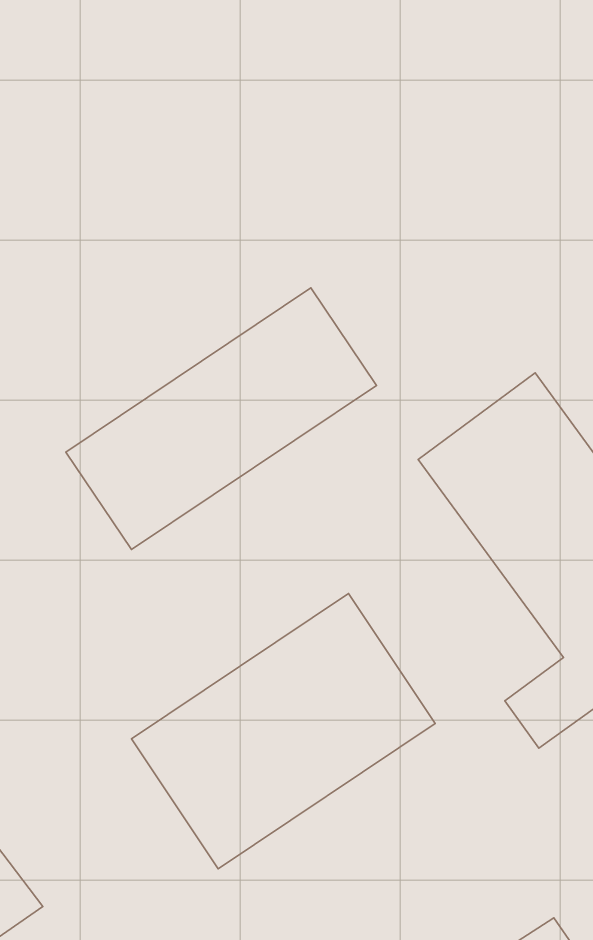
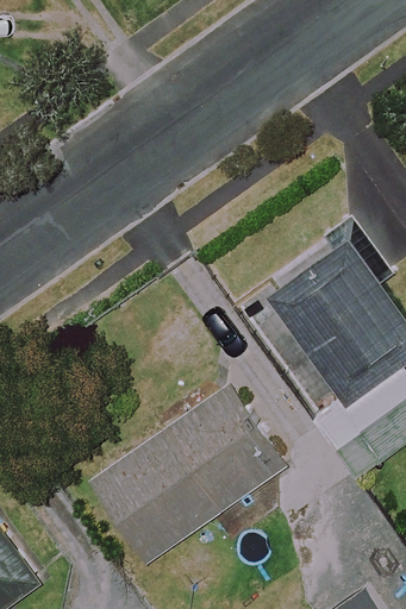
building: [66,288,377,550] -> none

